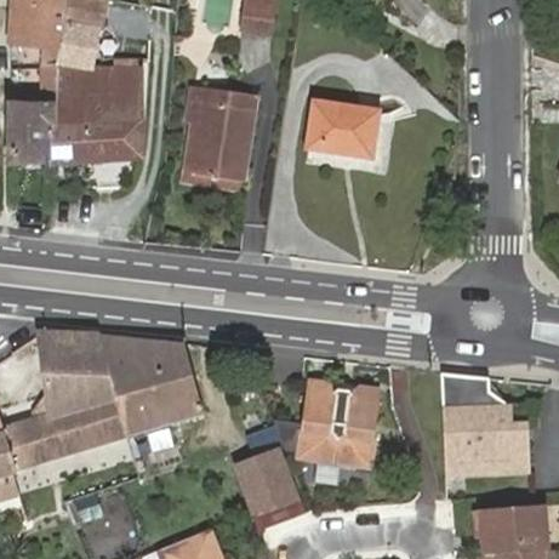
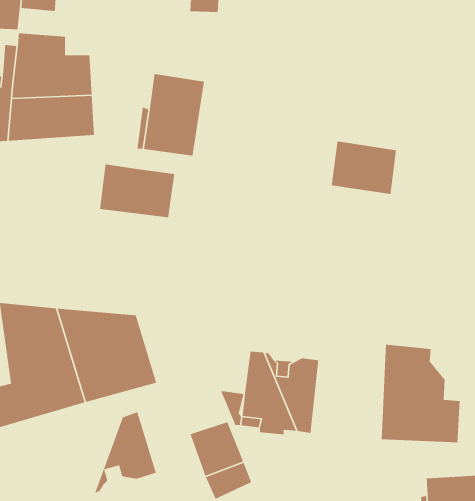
building: [306,99,375,156] -> [331,141,397,195]
building: none -> [99,164,175,218]
building: none -> [94,411,157,494]

